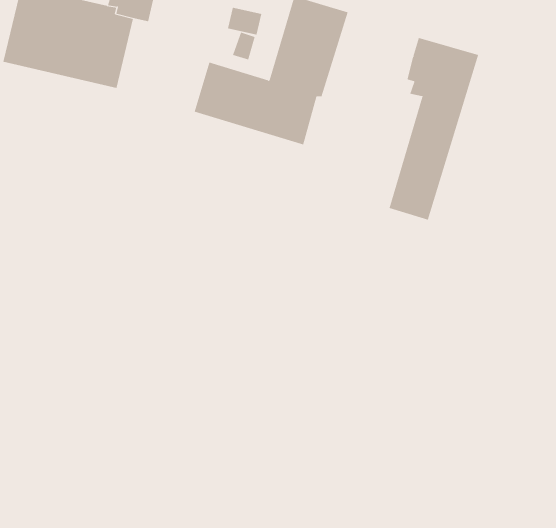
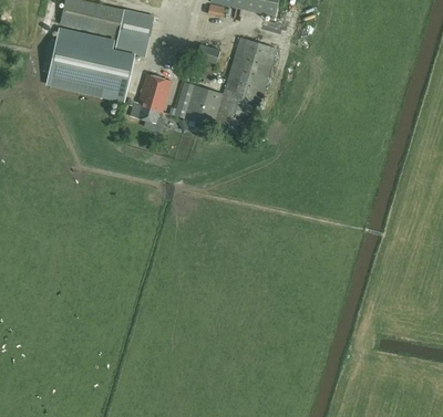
building: [389,37,479,221] -> none
building: none -> [128,73,169,123]

